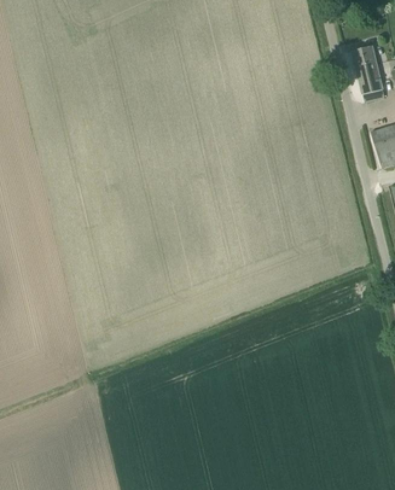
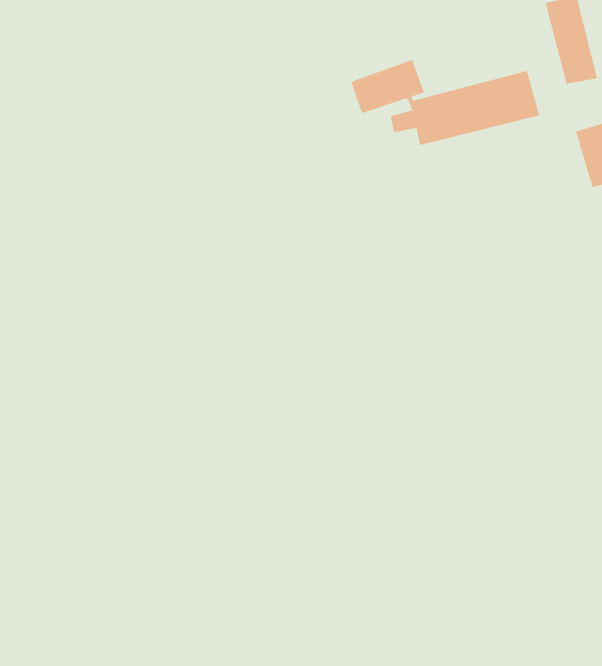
building: none -> [351,59,540,146]

